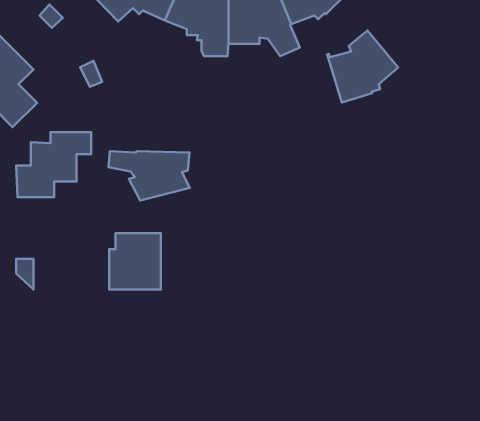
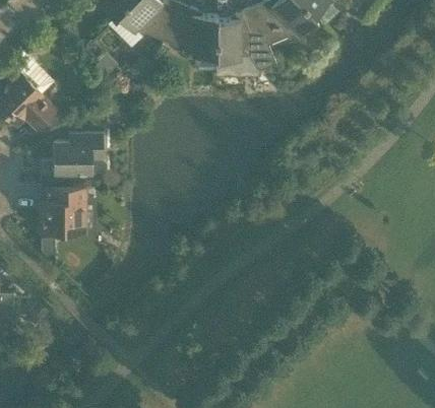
building: [327,30,398,103] -> none
building: [108,151,190,200] -> none
building: [109,233,161,290] -> [43,189,85,235]

